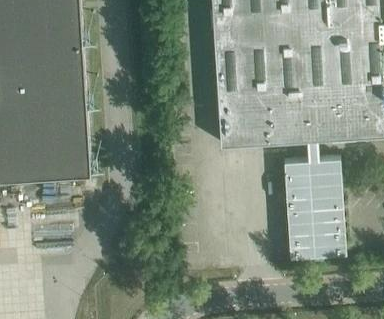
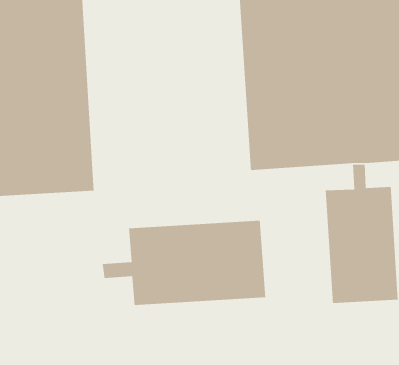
building: none -> [102,220,266,306]

